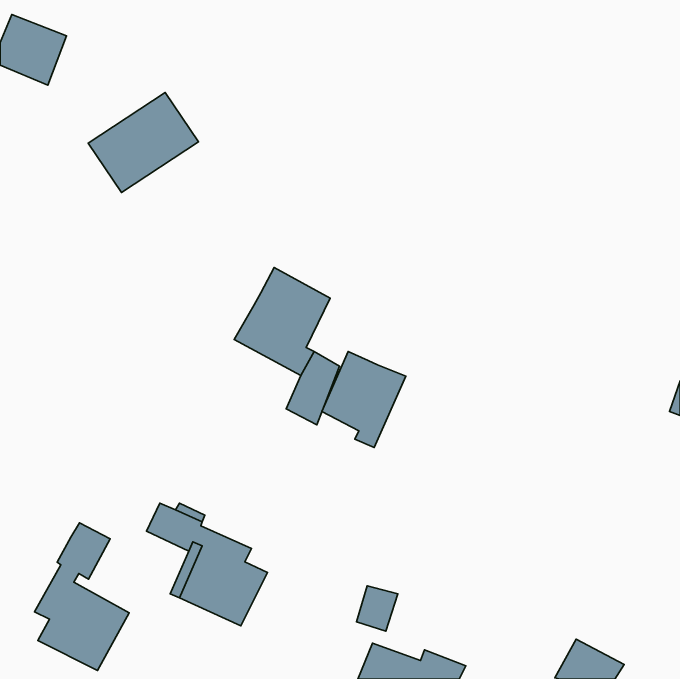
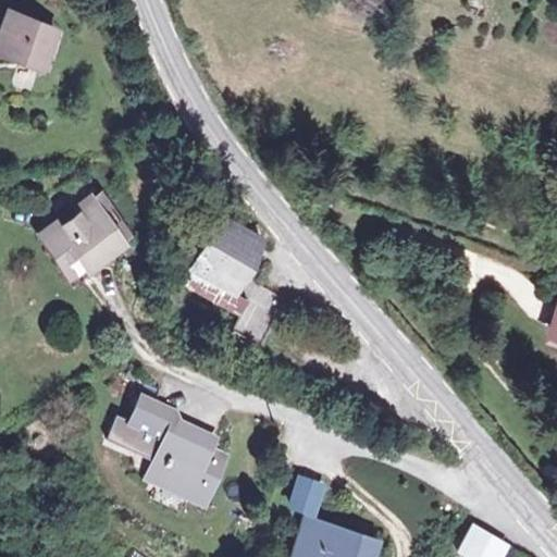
building: [88,93,199,192] -> [40,195,131,276]
building: [322,351,406,447] -> none
building: [34,523,129,670] -> none

